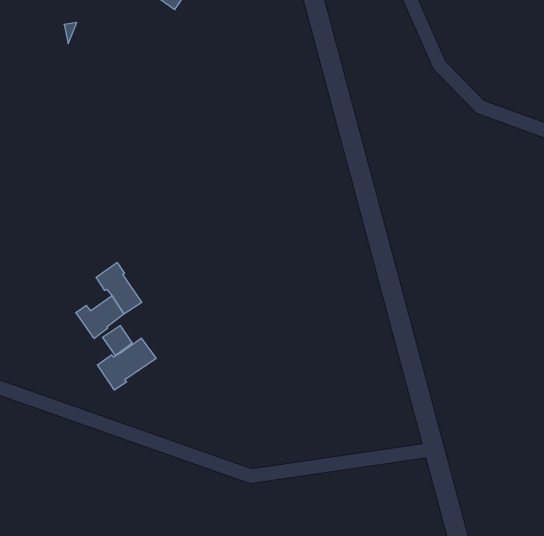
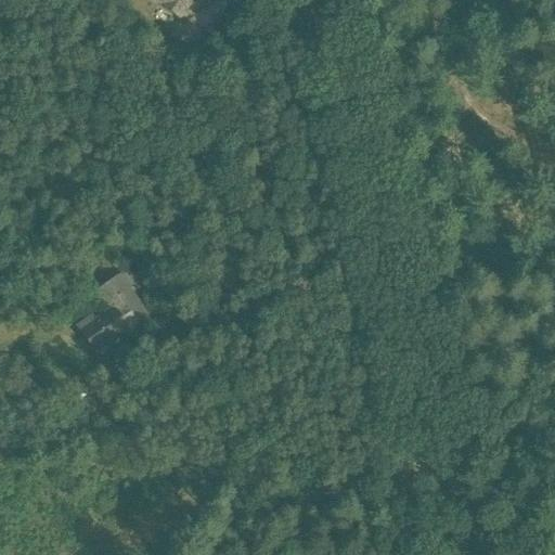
building: [97,338,156,390] -> none

